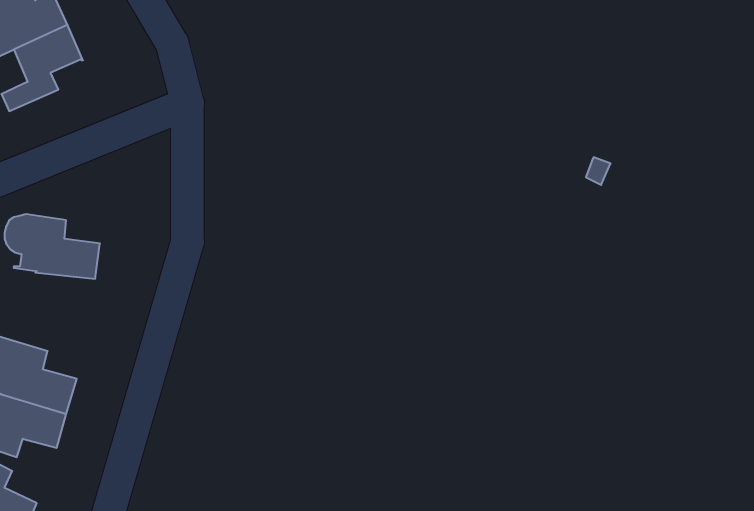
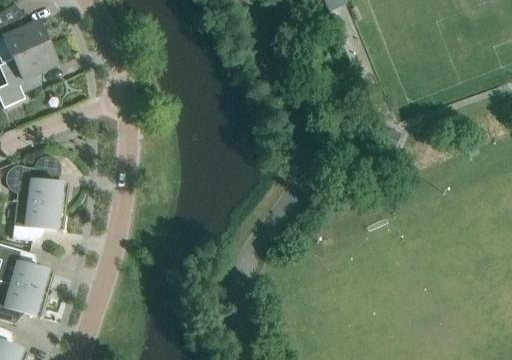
building: none -> [8,202,62,239]

